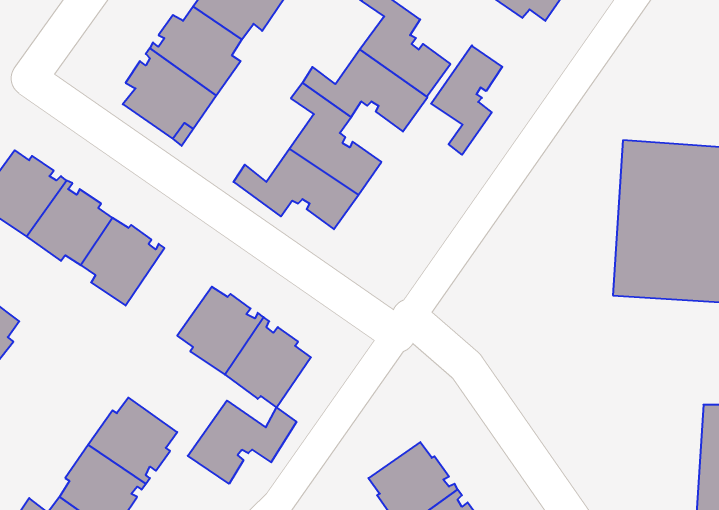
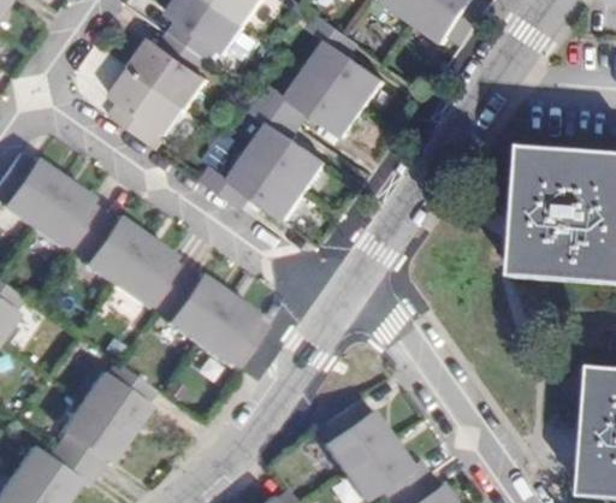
building: [431,45,502,155] -> none
building: none -> [111,235,183,308]
building: [188,401,296,484] -> none

